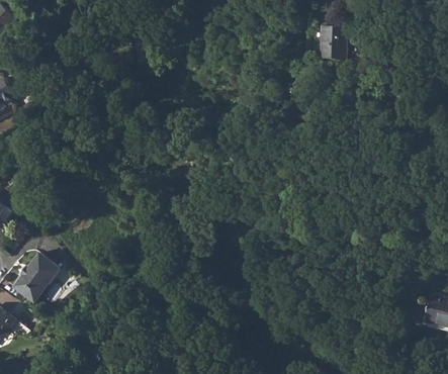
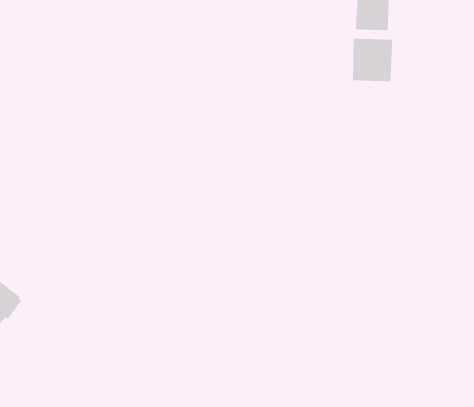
building: none -> [352,38,393,82]

